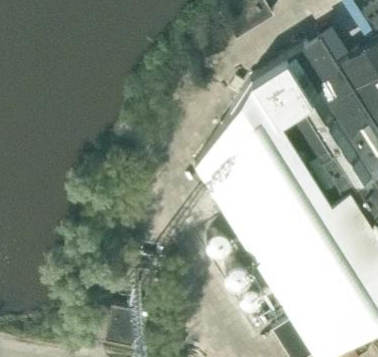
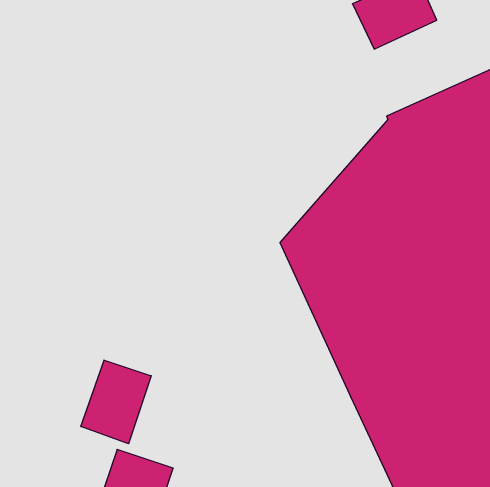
building: none -> [81,360,151,444]

